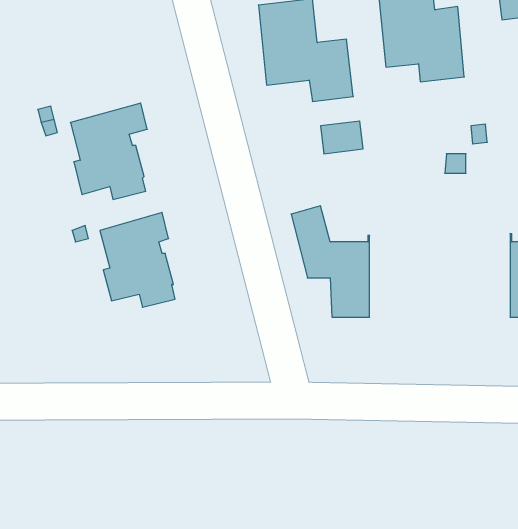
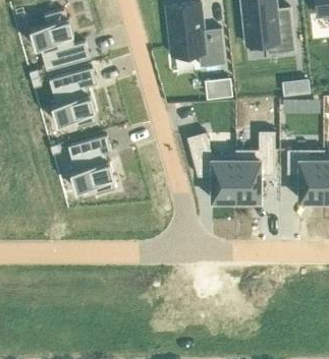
building: none -> [29,10,89,71]
building: none -> [234,132,273,201]
building: none -> [285,149,322,201]

